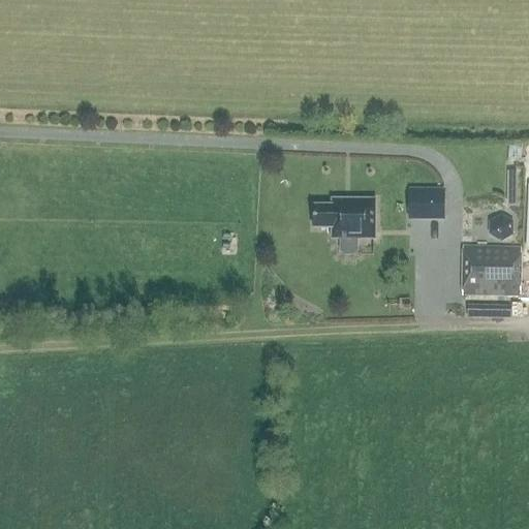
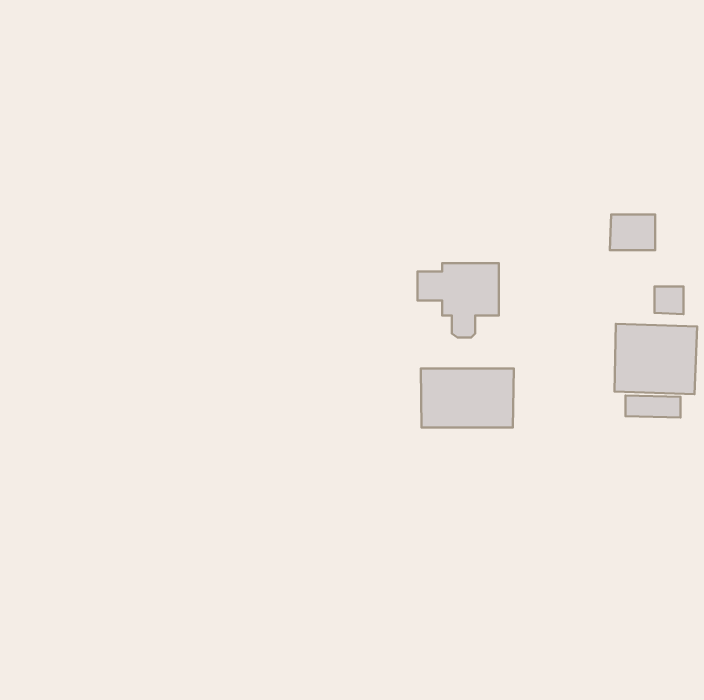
building: [409,189,443,216] -> [610,214,655,250]
building: none -> [421,368,514,427]

